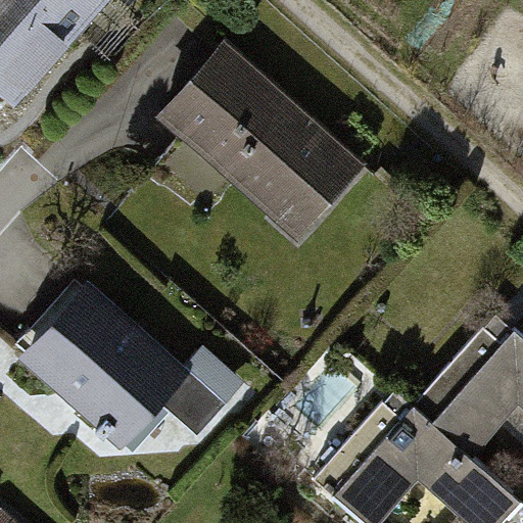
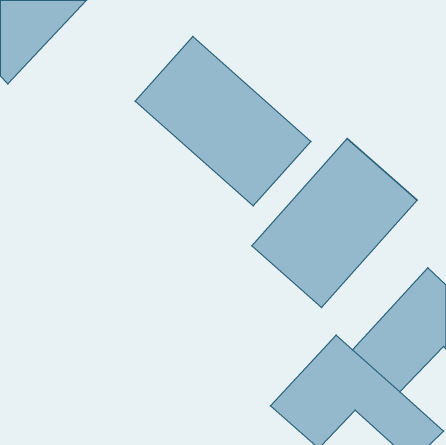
building: none -> [252,138,417,308]
building: [19,279,243,444] -> none

